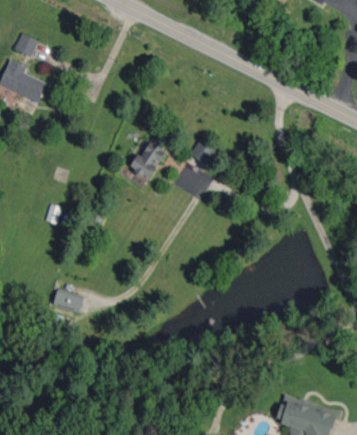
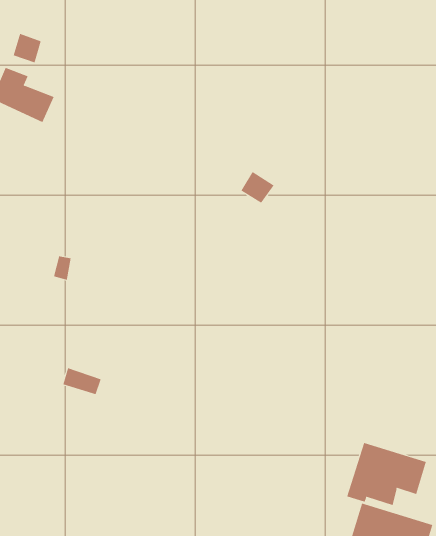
building: [129,134,168,178] -> none
building: none -> [347,442,427,506]

